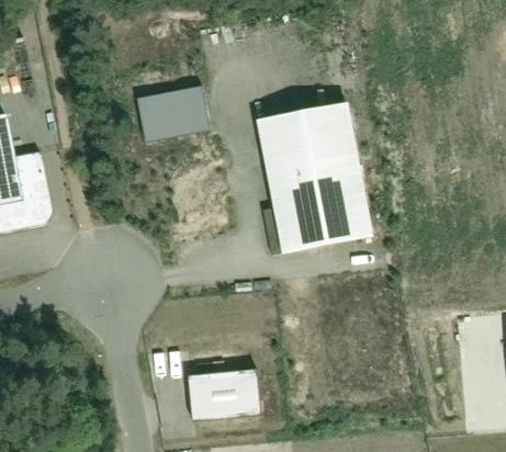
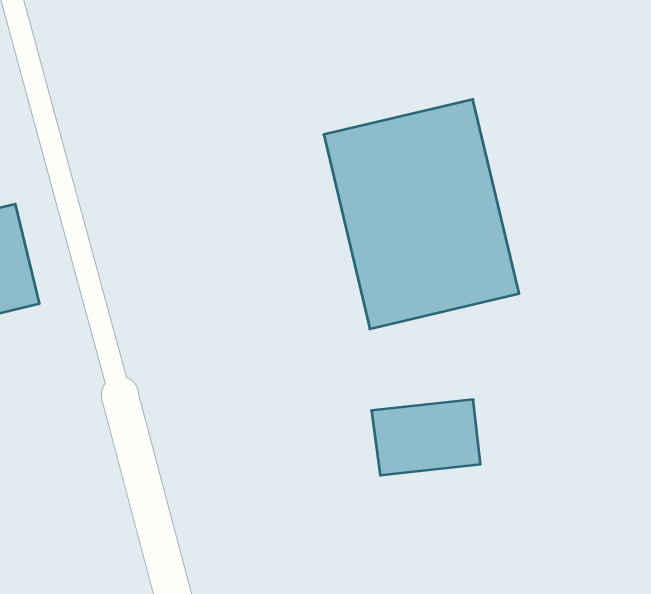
building: [135,87,212,142] -> none
building: [189,369,260,416] -> [371,400,480,475]

